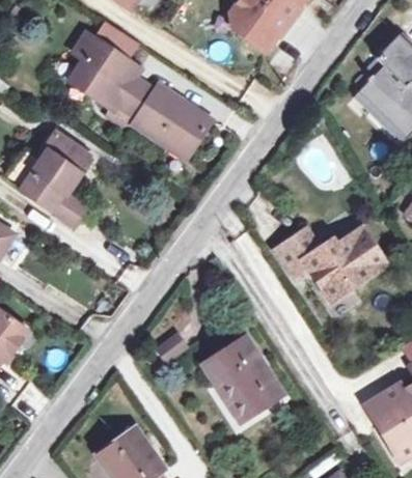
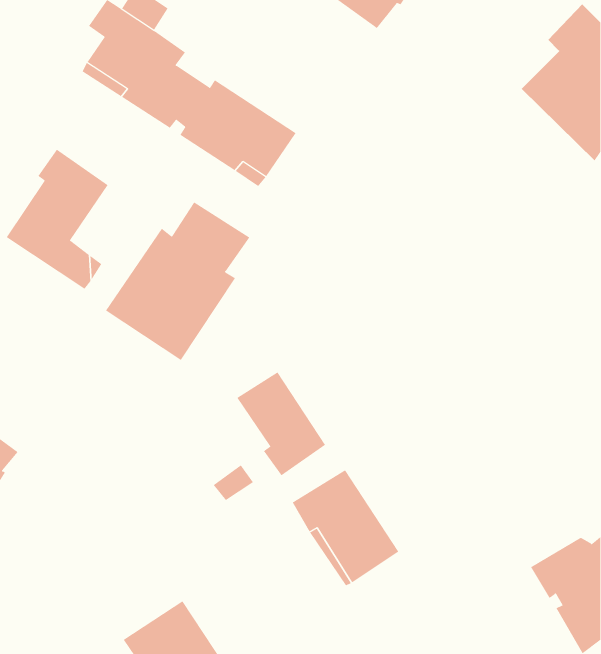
building: none -> [105,201,250,361]
building: [275,227,387,302] -> none
building: none -> [237,371,326,476]

